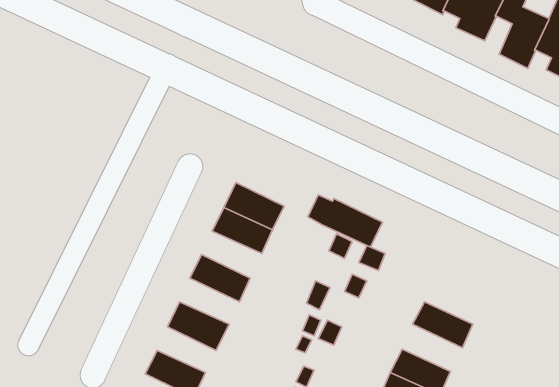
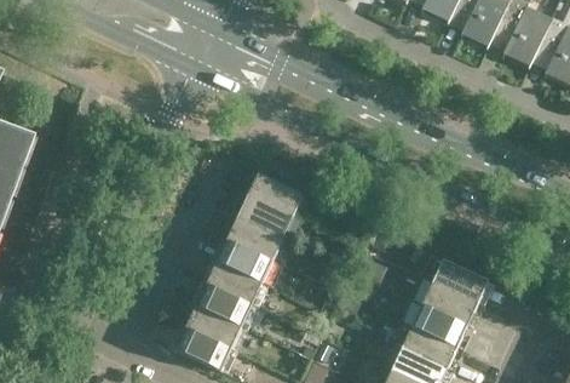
building: [308,195,382,247] -> [420,255,489,303]
building: none -> [228,217,283,261]
building: none -> [207,261,263,303]
building: none -> [413,303,468,347]
building: none -> [186,305,241,348]

